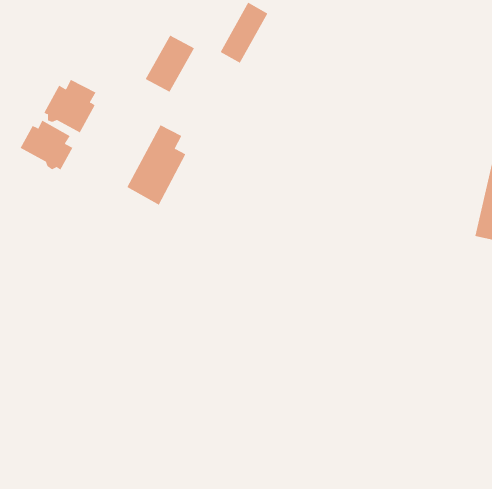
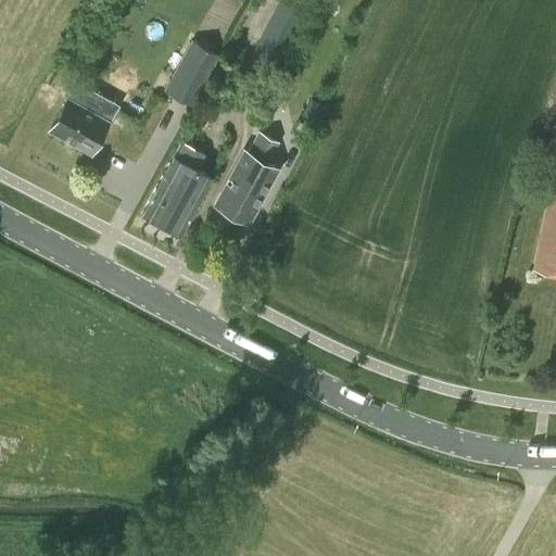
building: none -> [218,135,280,222]
building: [20,120,73,170] -> none

